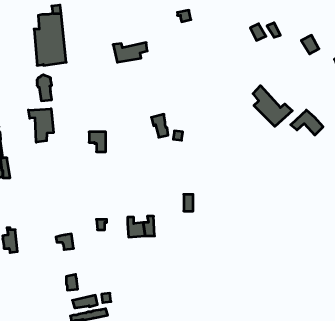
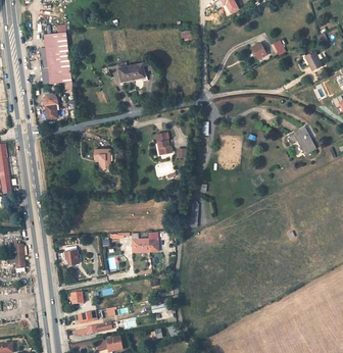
building: [253,86,292,126] -> none
building: [28,109,53,142] -> none

